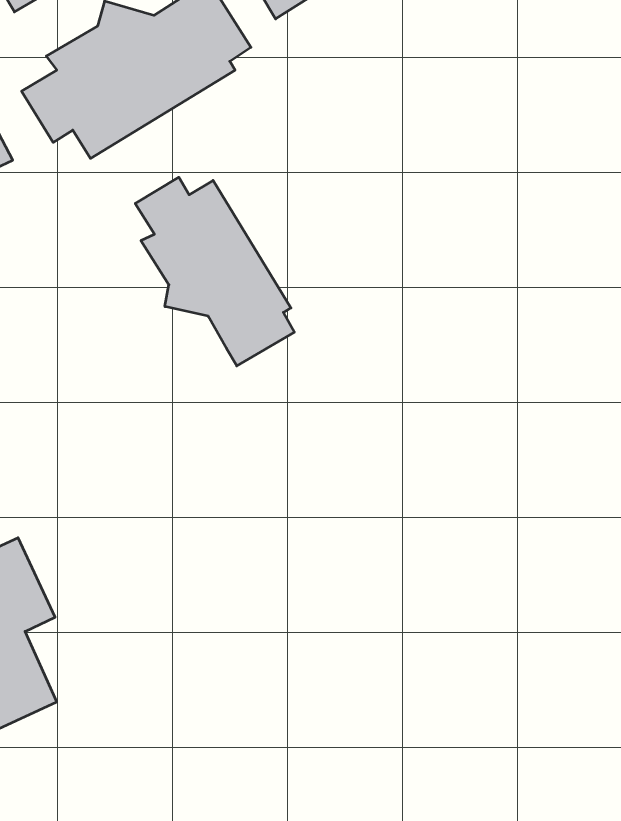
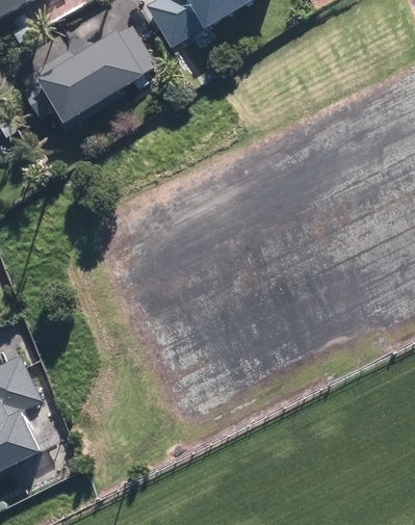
building: [135,177,294,366] -> none

